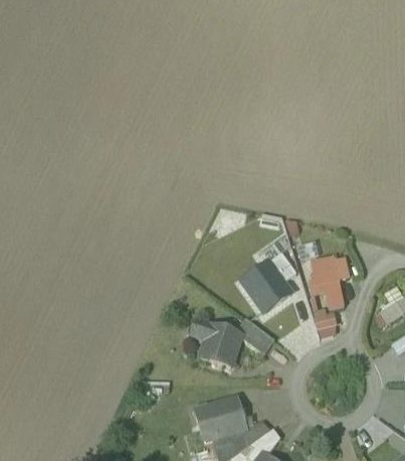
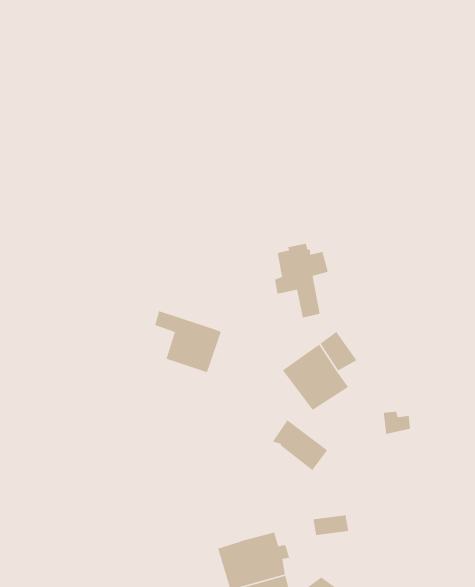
building: [309,255,348,309] -> [274,243,329,318]
building: [192,319,240,364] -> [154,310,222,373]

